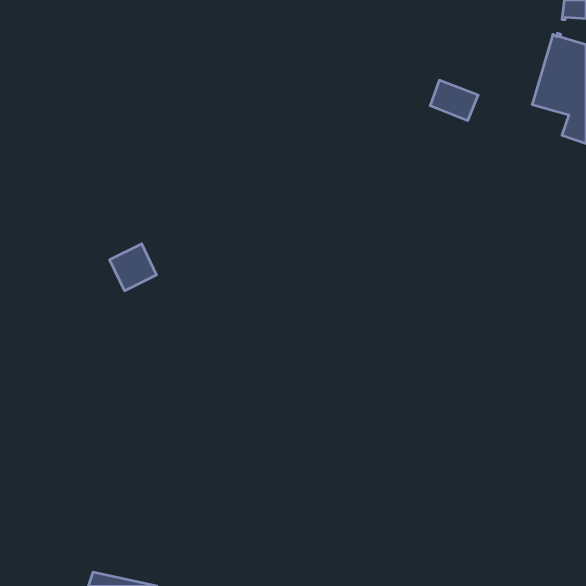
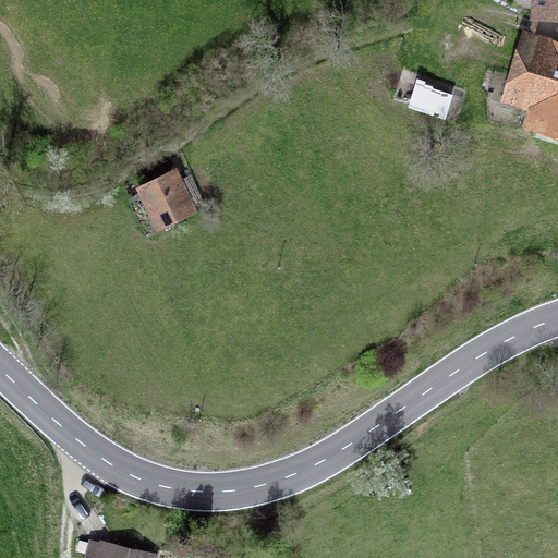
building: [110,244,157,291] -> [143,174,187,219]

